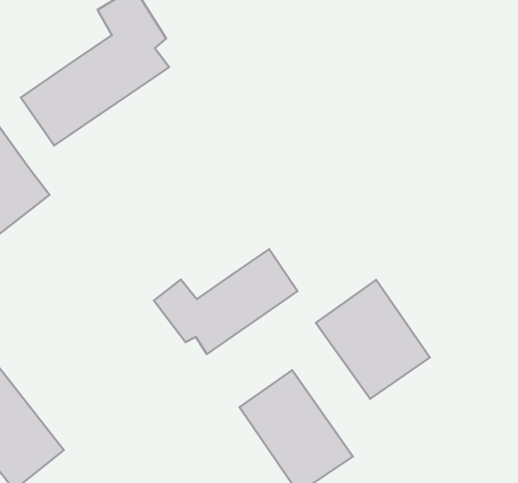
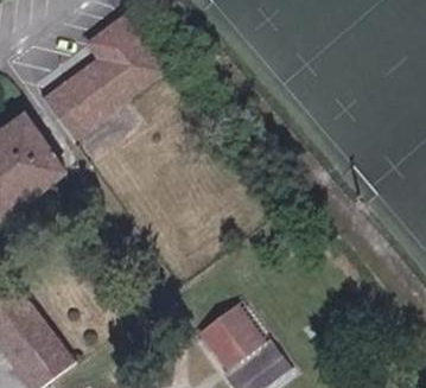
building: [154,249,298,354] -> none
building: [316,280,430,399] -> none

